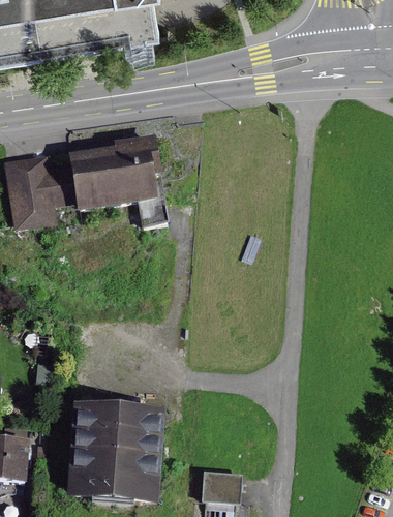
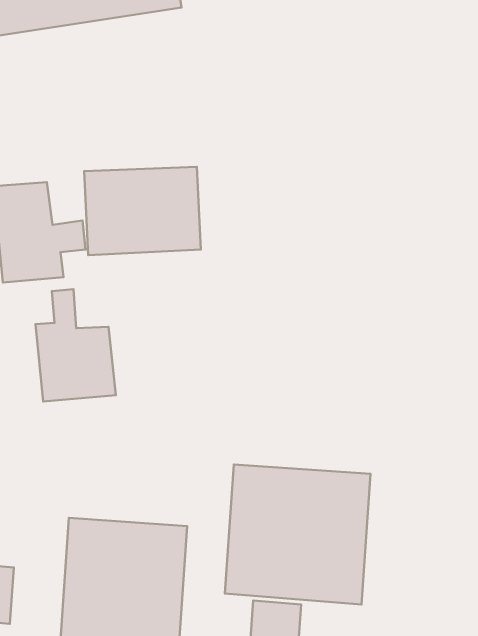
building: none -> [36,289,116,402]
building: none -> [225,464,371,604]

